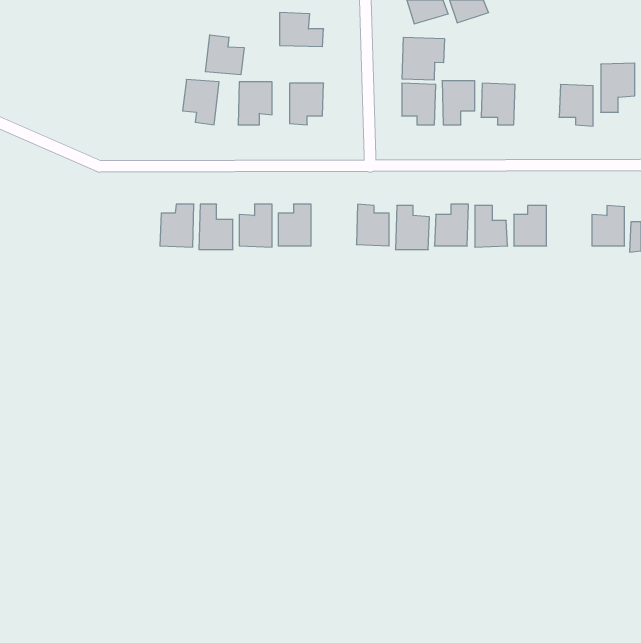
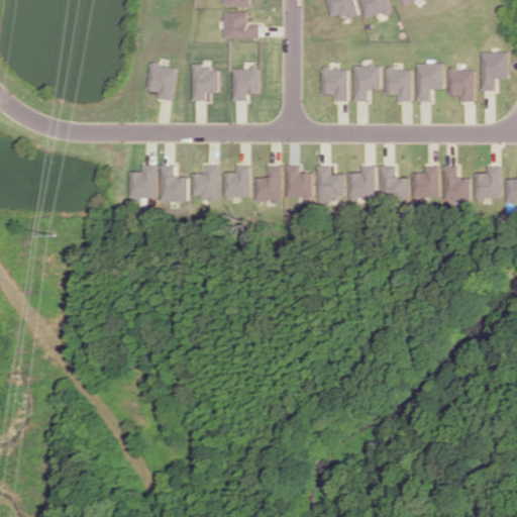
building: [205,35,244,75] -> none
building: [402,37,444,80] -> none
building: none -> [417,63,444,102]
building: none -> [254,165,281,200]
building: none -> [443,166,470,202]

